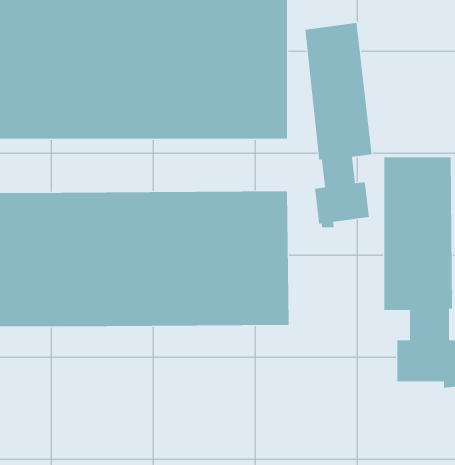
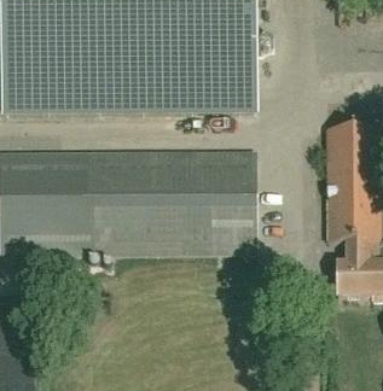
building: [305,22,372,228] -> none

